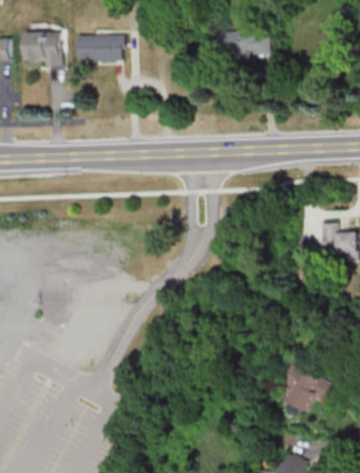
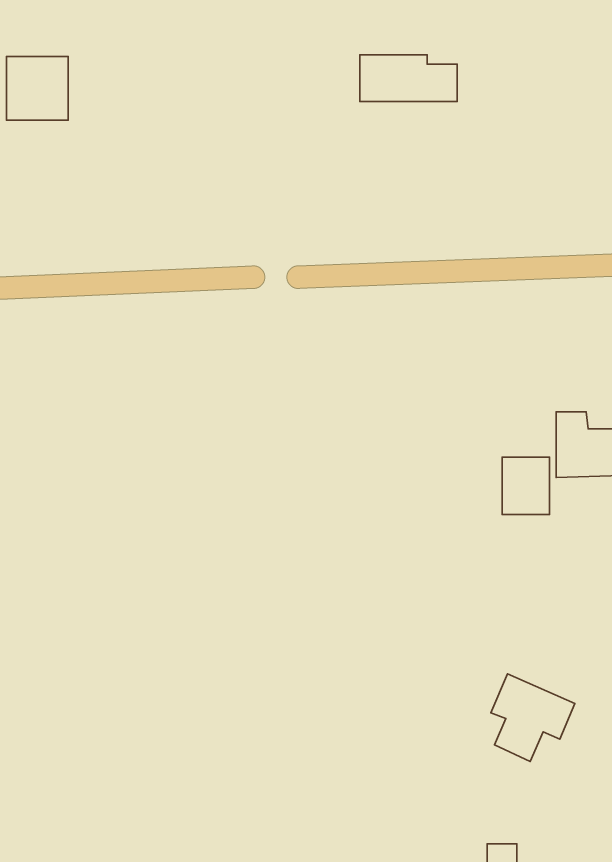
building: [76,35,124,60] -> none
building: none -> [502,457,549,515]

